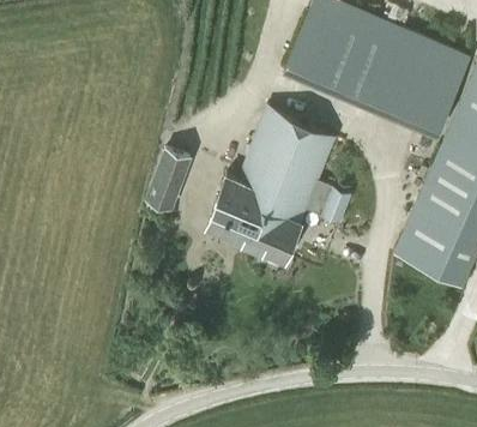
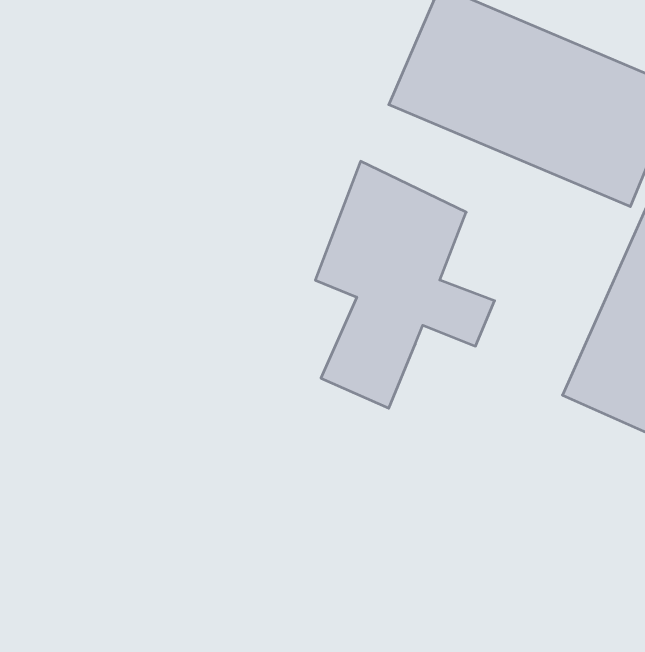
building: [149,151,192,210] -> none
building: [207,176,265,245] -> none

